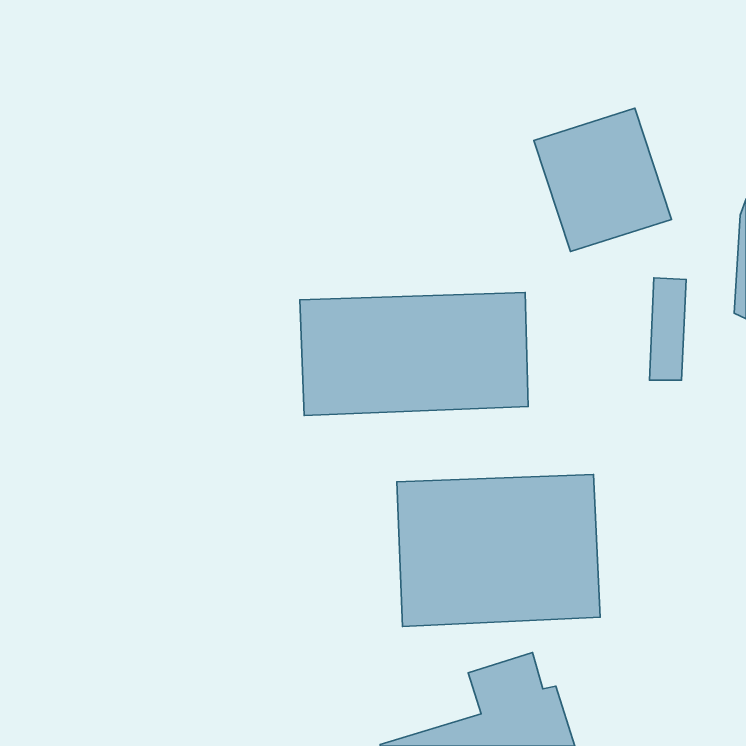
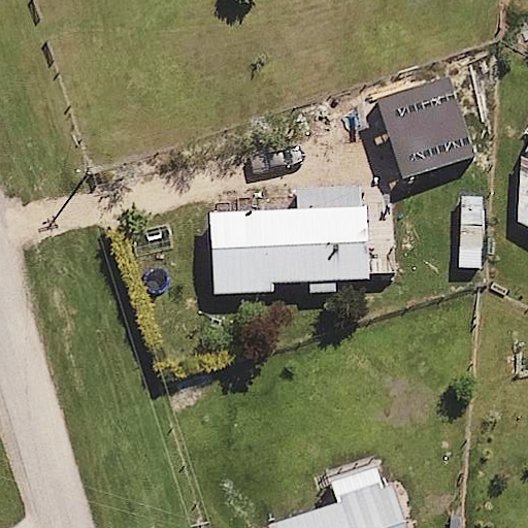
building: [397,475,600,626] -> none

